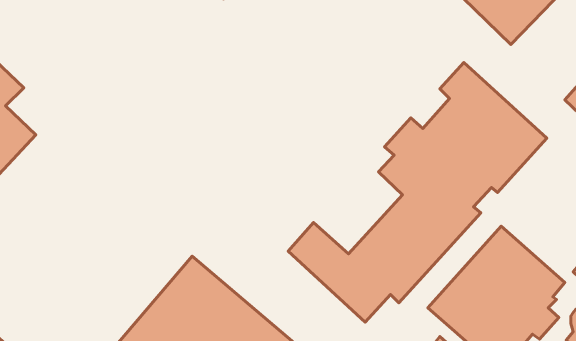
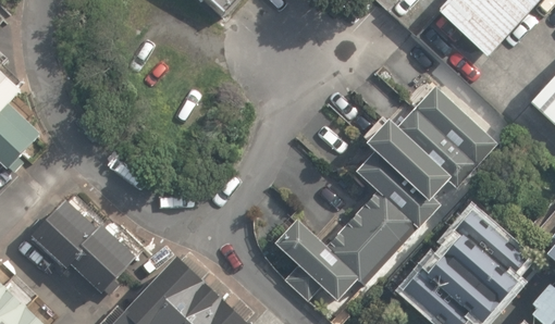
building: none -> [29,195,141,299]

